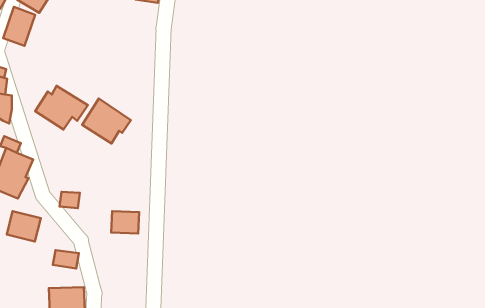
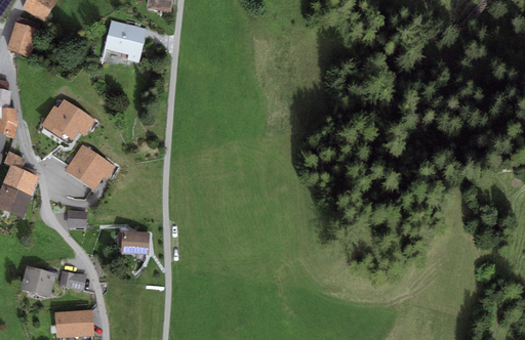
building: none -> [104,18,147,61]
building: [82,99,131,143] -> [64,143,115,190]
building: [7,211,41,241] -> [19,265,55,297]

